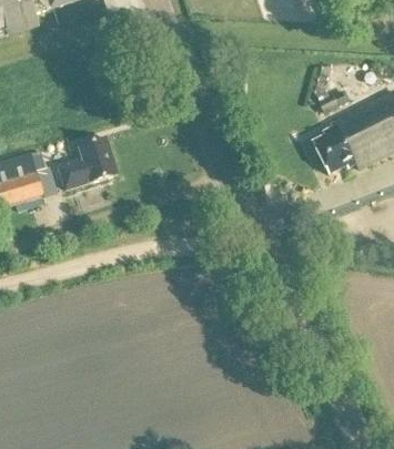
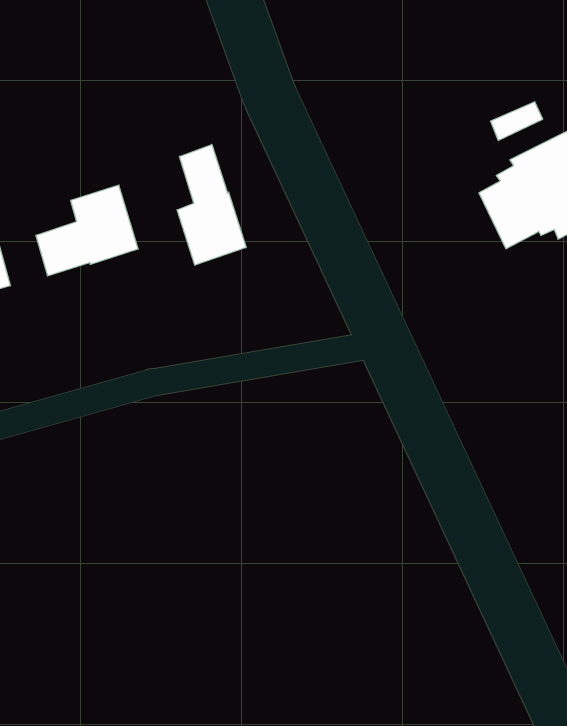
building: none -> [177,144,246,265]

